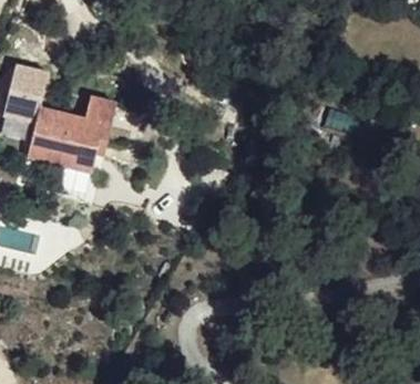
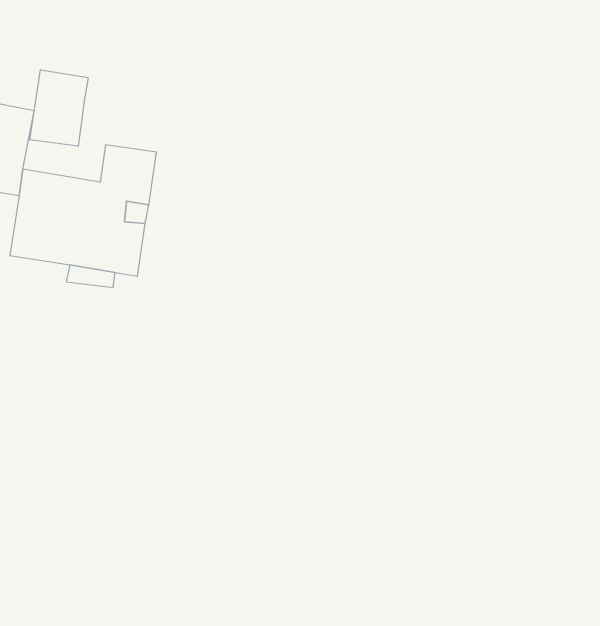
building: none -> [30,70,88,146]

